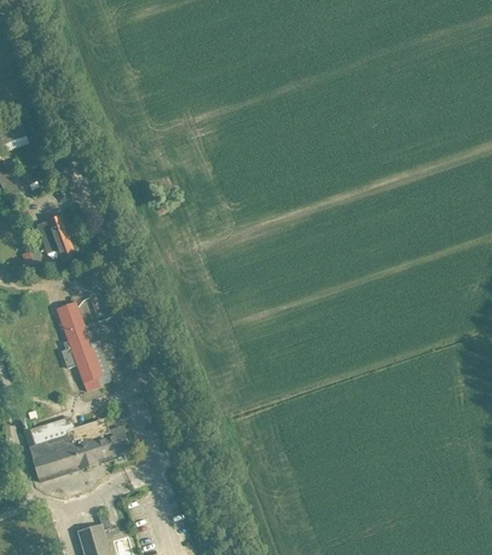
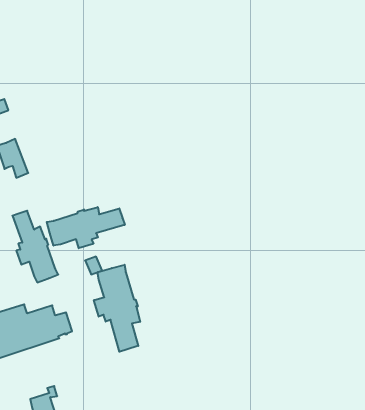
building: none -> [47,207,125,248]
building: none -> [94,265,140,352]

